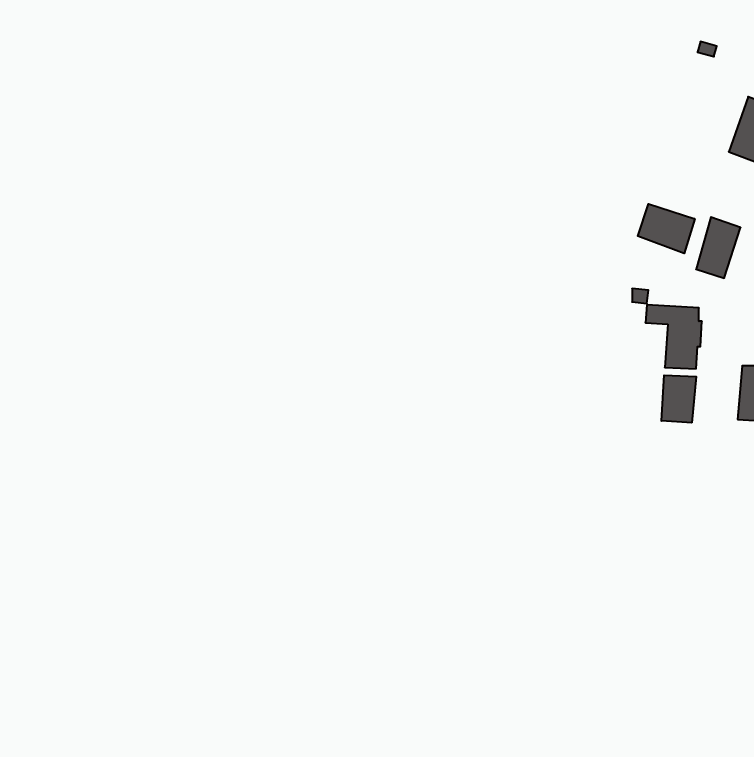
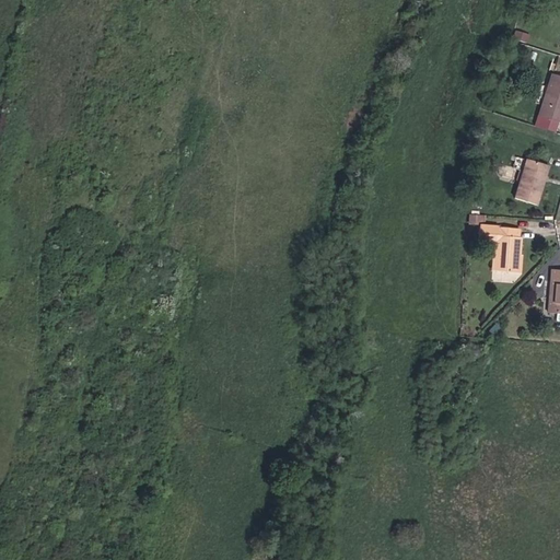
building: [638,204,695,253] -> none
building: [661,375,696,423] -> none

